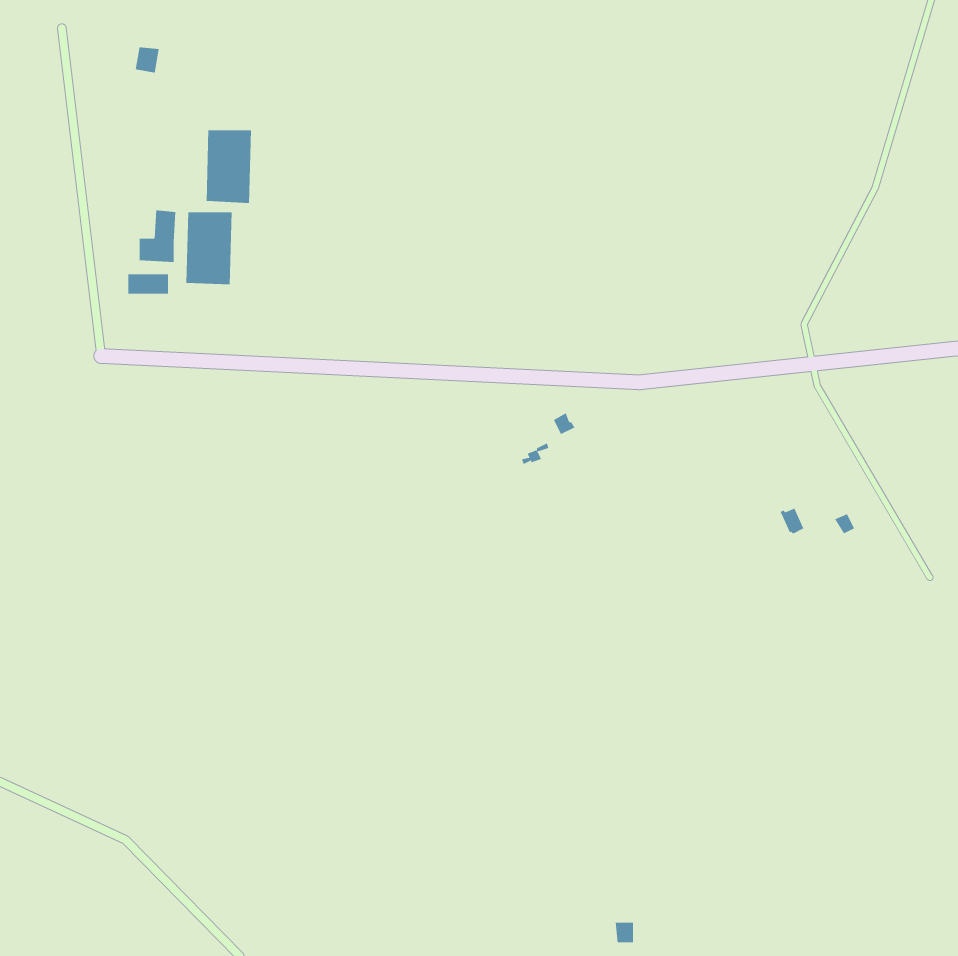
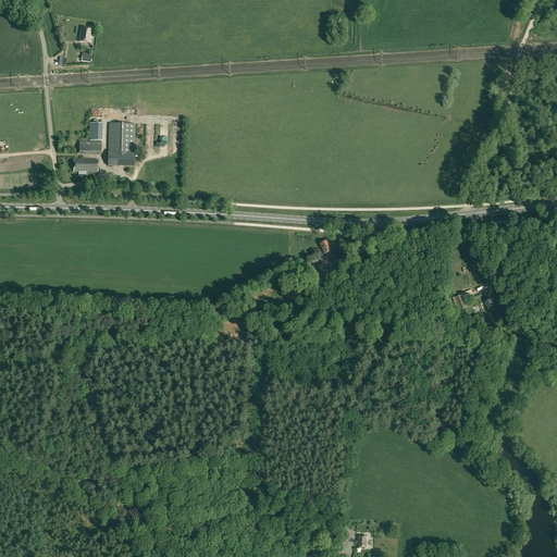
building: [206,129,251,204] -> none

